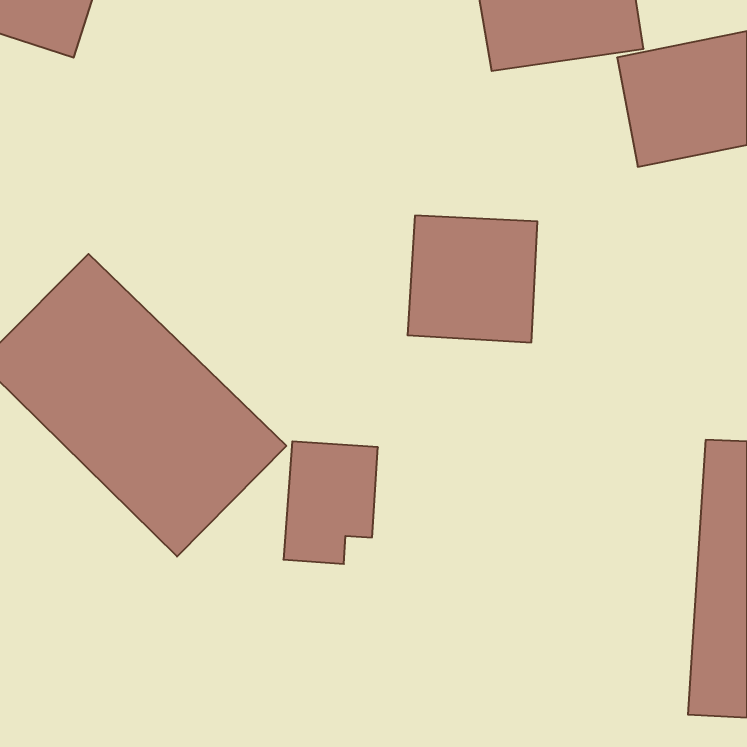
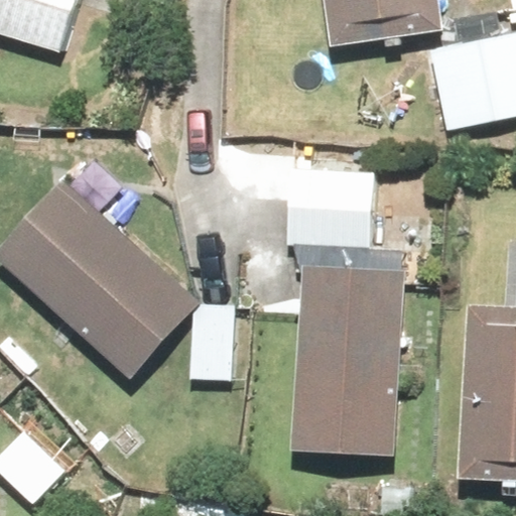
building: none -> [298,264,415,458]

